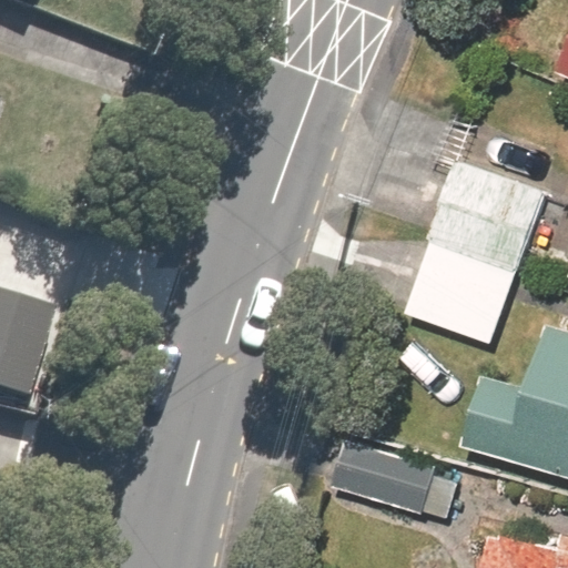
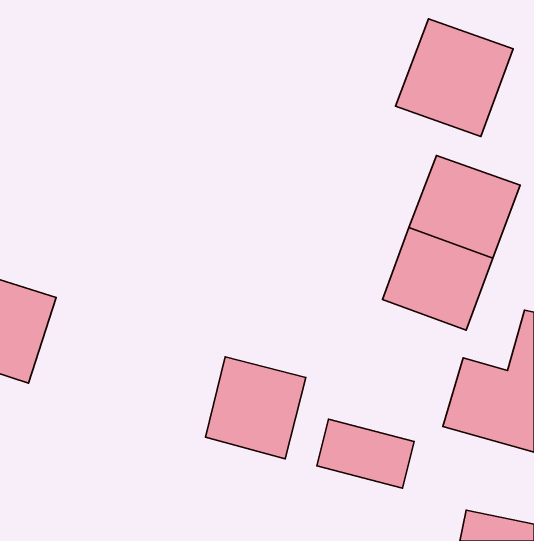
building: none -> [395,19,513,137]
building: none -> [205,357,306,459]

